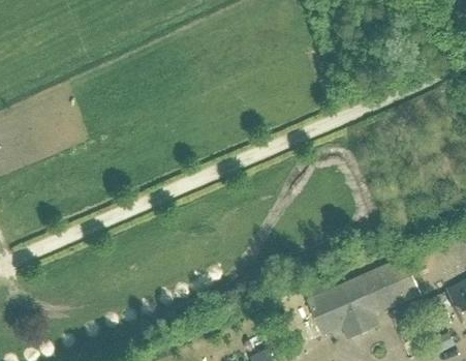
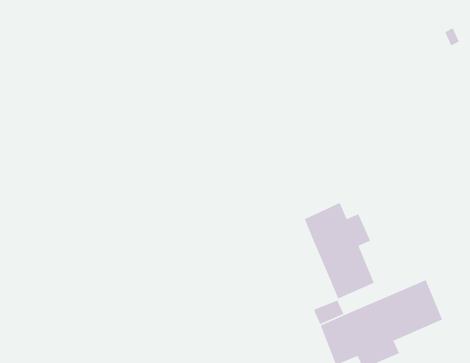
building: none -> [304,202,375,299]

